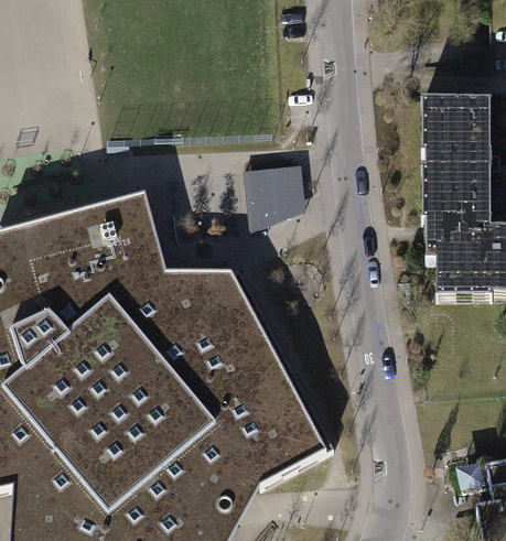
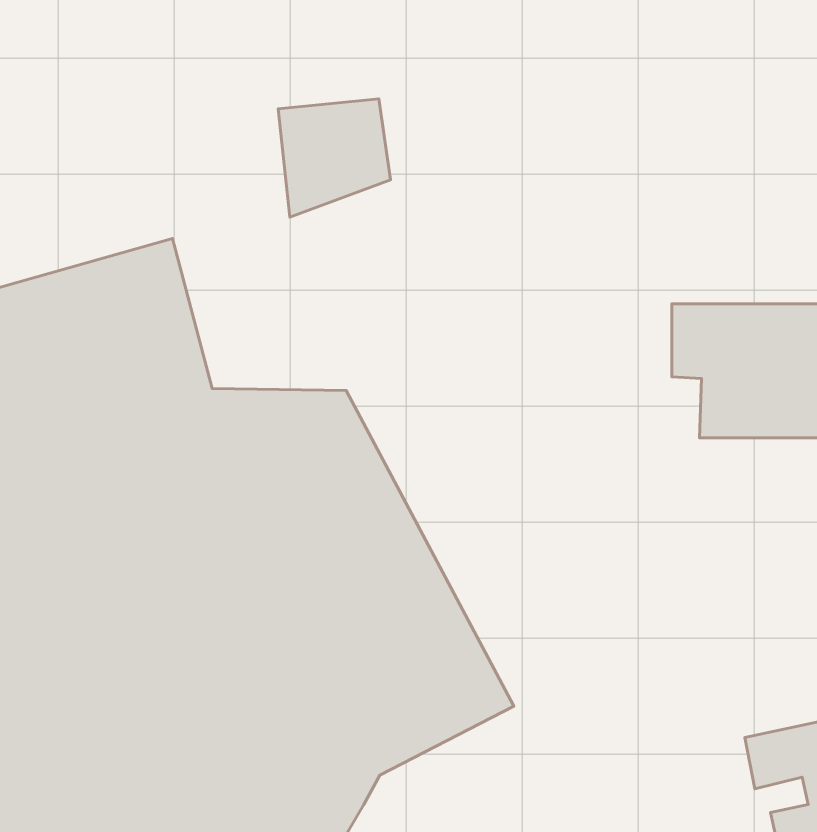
building: [421,95,496,226] -> none
building: [244,166,306,232] -> [278,99,391,217]

